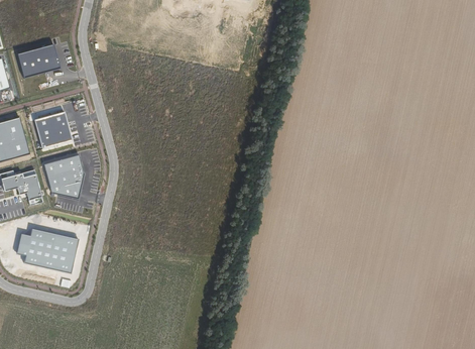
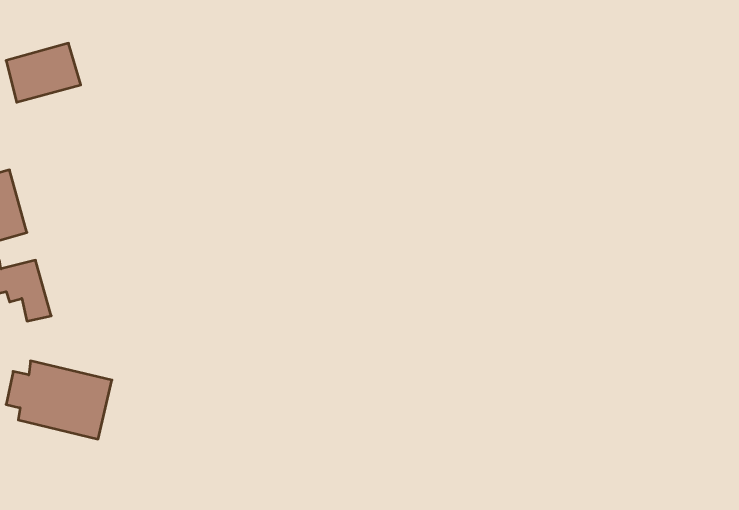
building: [33,111,72,148] -> none
building: [43,154,84,199] -> none

